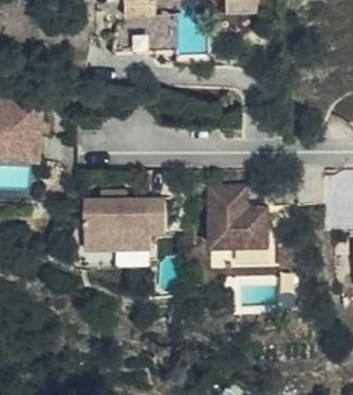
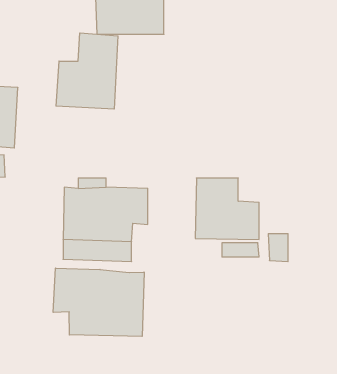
building: none -> [56,33,118,109]
building: none -> [53,268,144,336]

